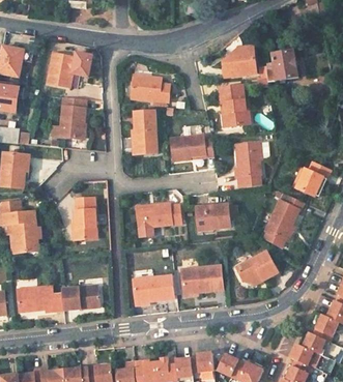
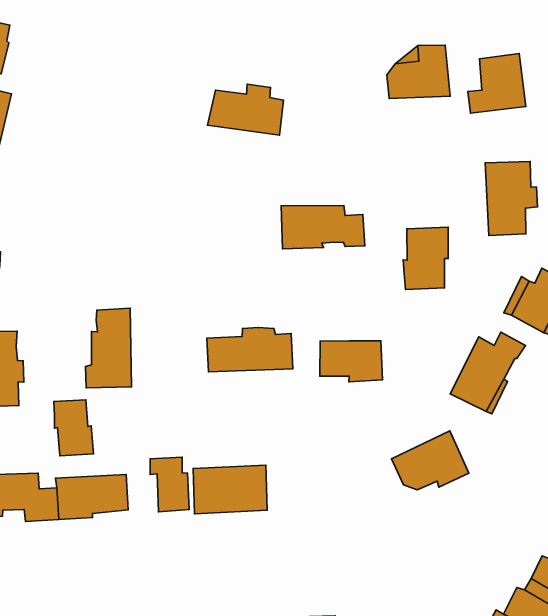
building: [45,53,82,87] -> none
building: [219,86,248,126] -> [485,162,537,235]
building: [58,97,85,138] -> none
building: [133,110,156,153] -> none
building: none -> [54,400,93,456]
building: [179,264,221,293] -> none
building: none -> [150,457,189,512]

